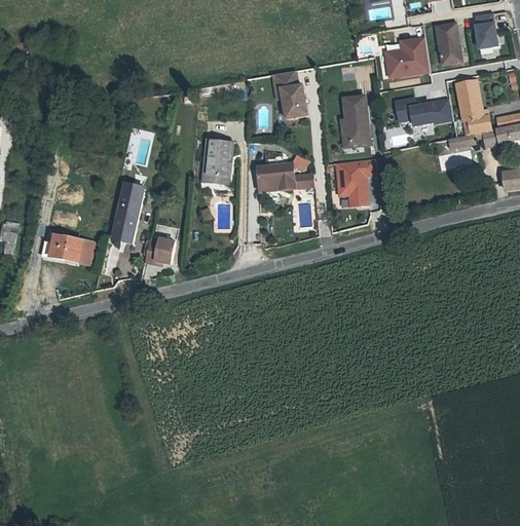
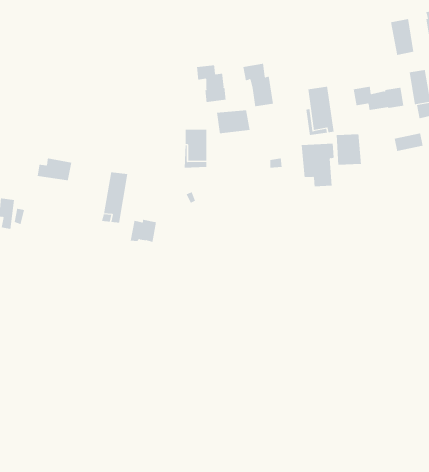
building: [385,38,429,76] -> none
building: none -> [196,64,226,103]
building: none -> [336,134,362,166]
building: [258,165,296,192] -> [216,110,251,134]
building: [49,234,88,260] -> [37,158,72,181]

